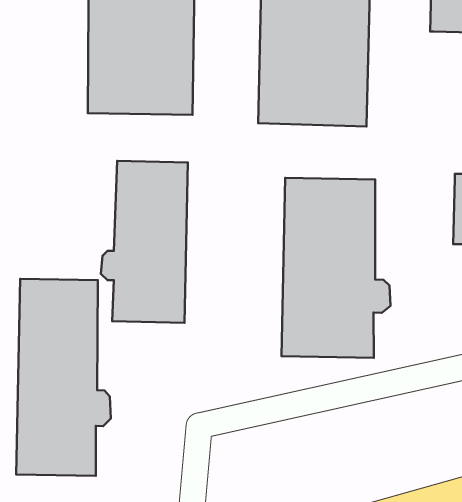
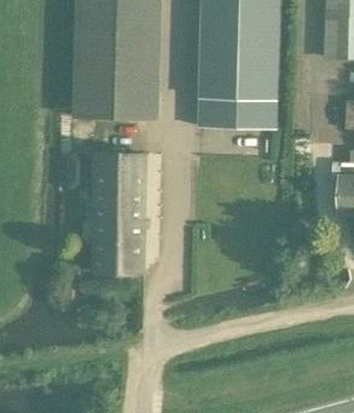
building: [282,178,391,358] -> none
building: [16,279,111,476] -> none

